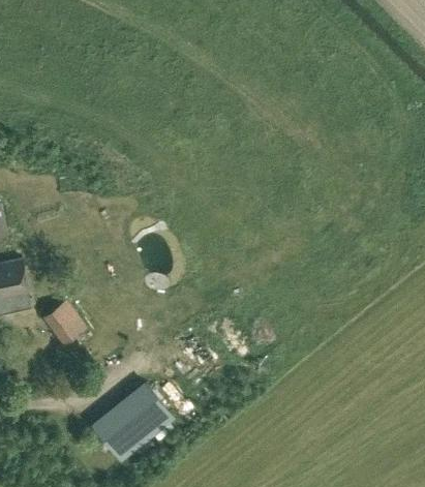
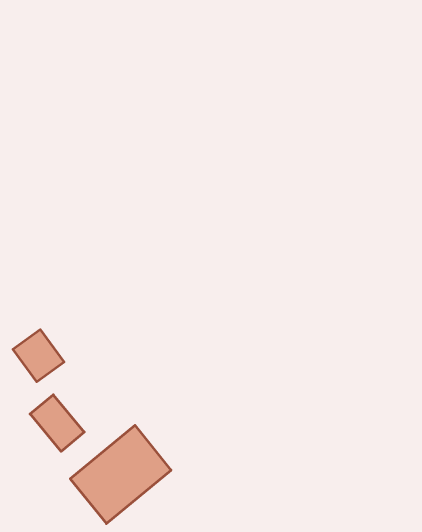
building: none -> [30,395,84,451]

